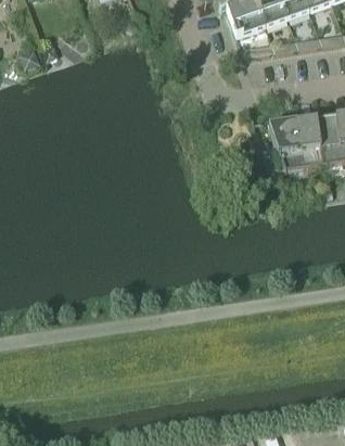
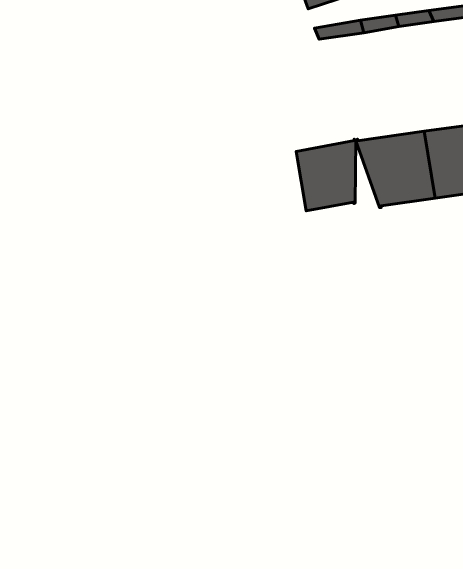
building: none -> [296,139,356,211]

